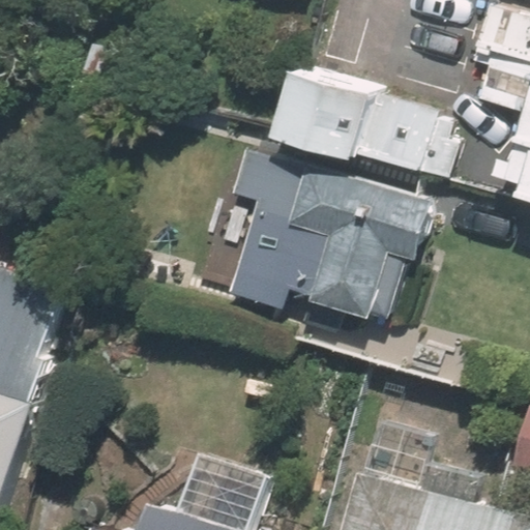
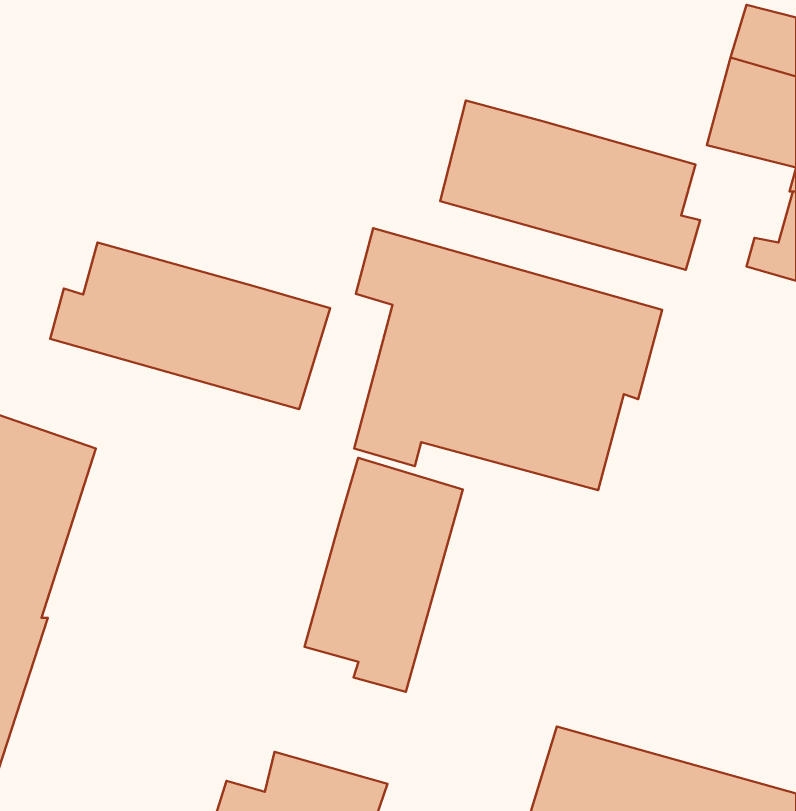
building: none -> [50,242,330,409]
building: none -> [304,458,463,692]

